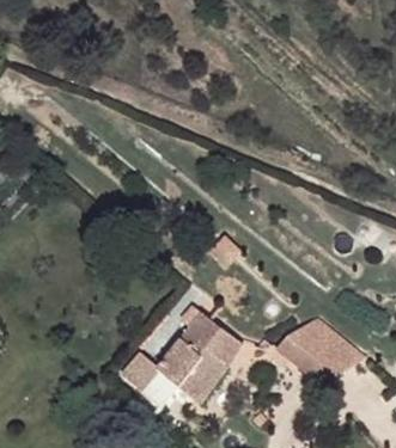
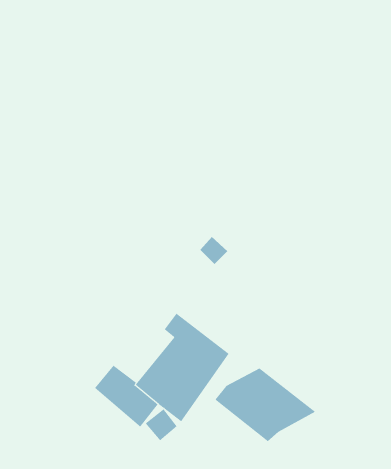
building: [276,320,365,385] -> [214,368,316,442]

